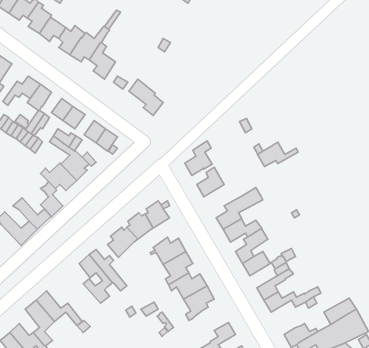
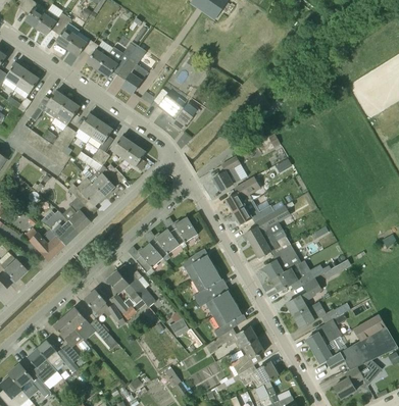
building: [257,142,298,167] -> [233,200,273,224]
building: none -> [85,290,126,326]
building: none -> [306,319,342,351]
building: none -> [203,326,257,355]

